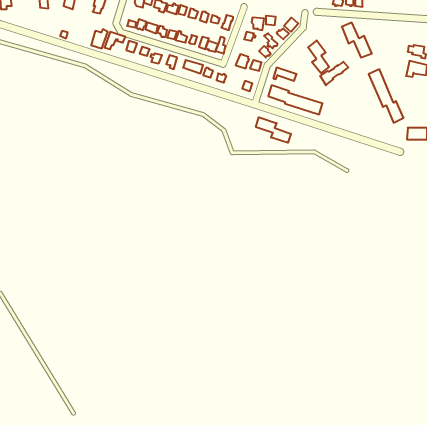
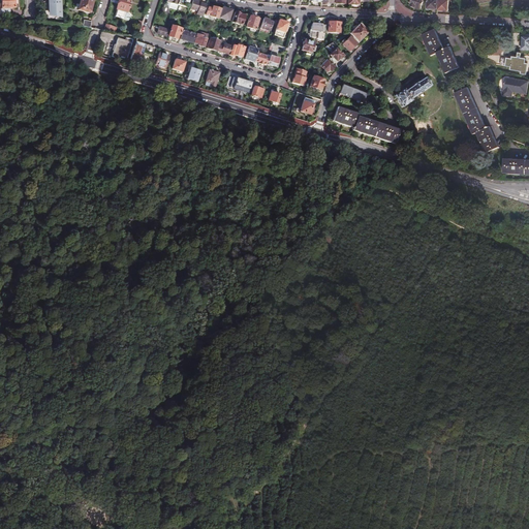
building: [308,40,329,73] -> none
building: [256,117,291,143] -> none

